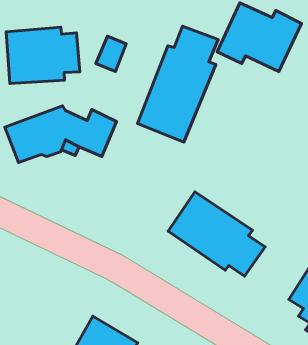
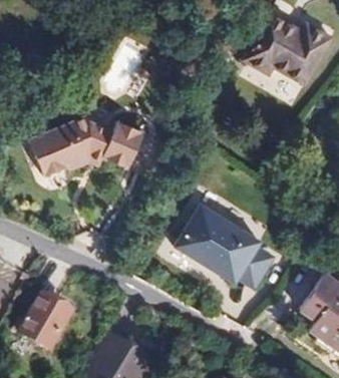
building: [138,26,218,142] -> none
building: [6,27,80,83] -> none
building: none -> [22,295,76,352]

